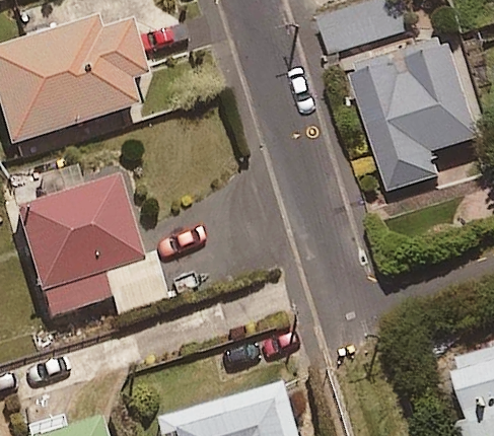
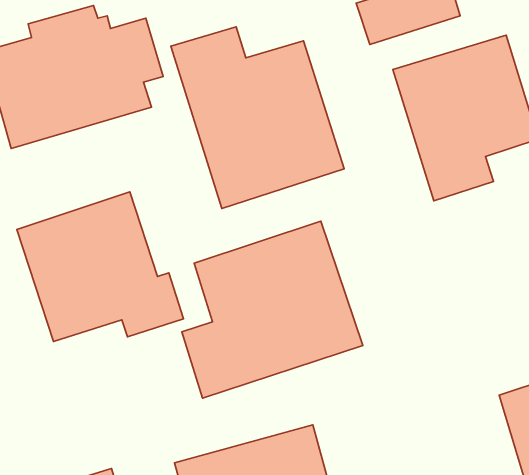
building: none -> [171,27,344,209]
building: none -> [182,221,363,398]

